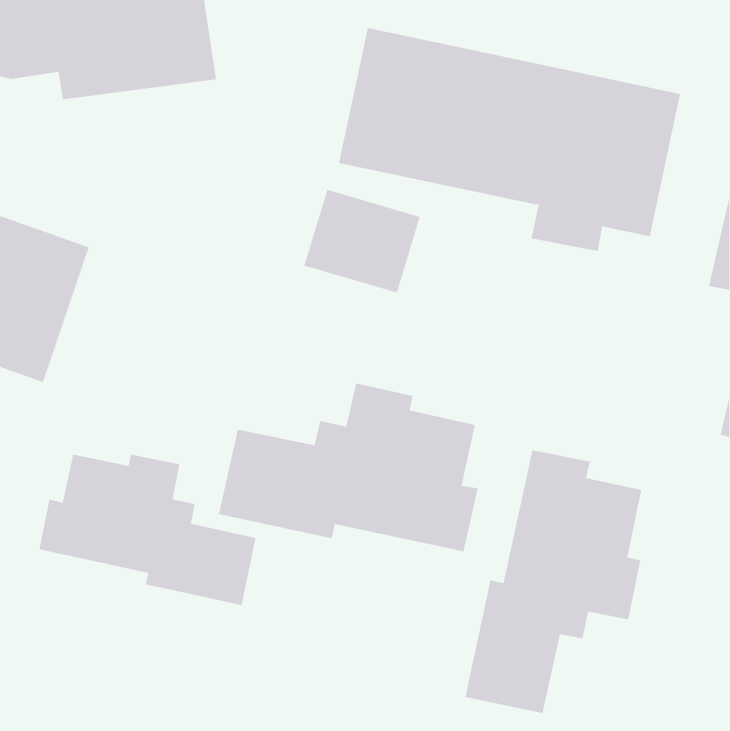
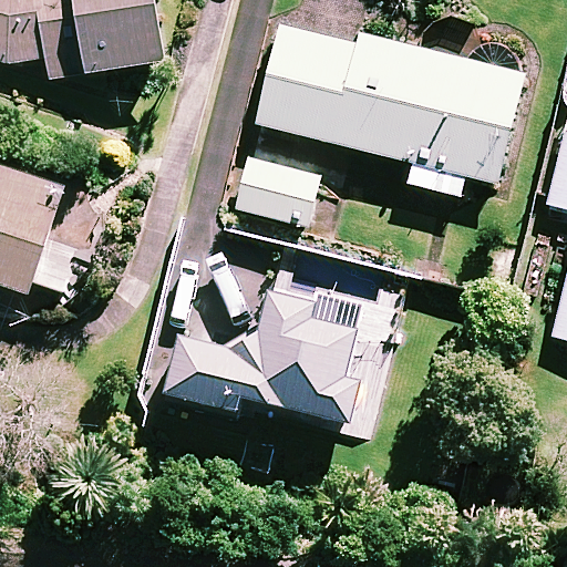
building: [465,449,642,714] -> none
building: [39,454,256,606] -> none

